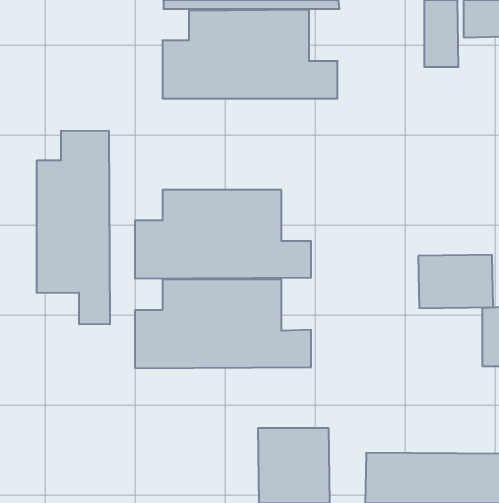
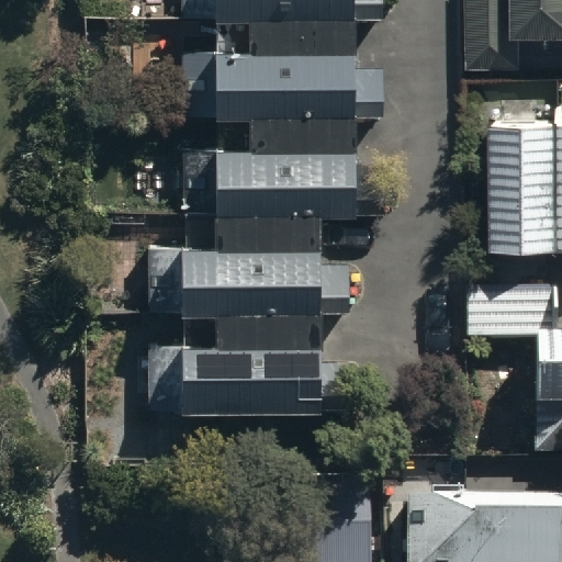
building: none -> [186,111,381,211]
building: none -> [490,127,554,256]
building: [37,131,110,324] -> none

